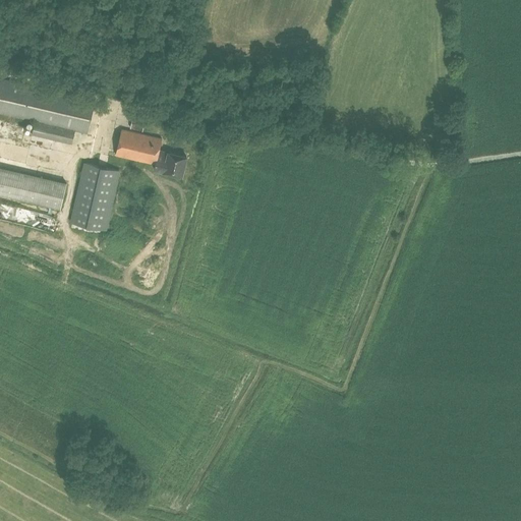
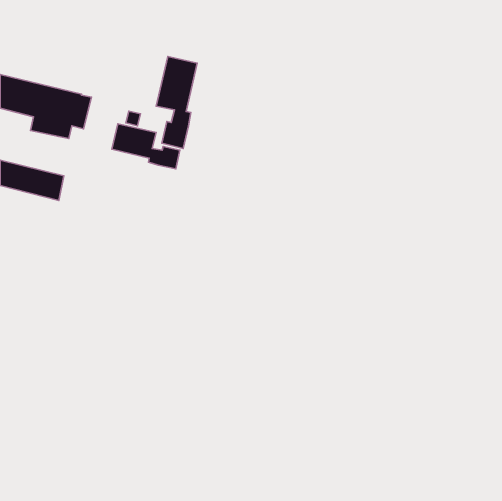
building: none -> [156,56,197,149]
building: [69,164,120,232] -> none

